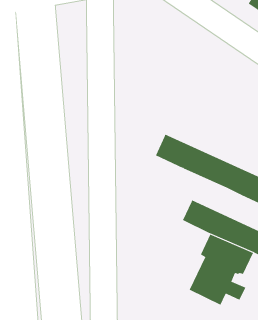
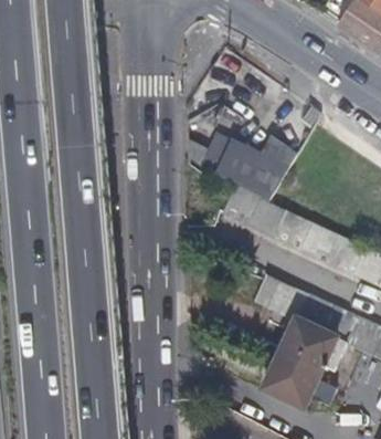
building: none -> [194,132,296,202]

